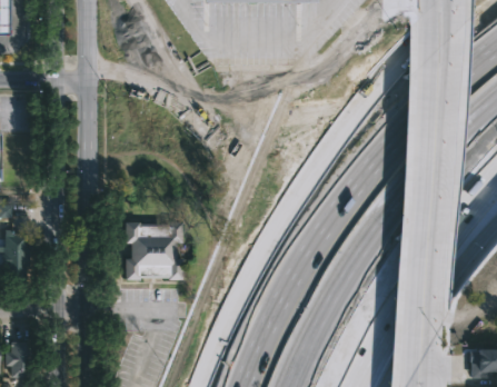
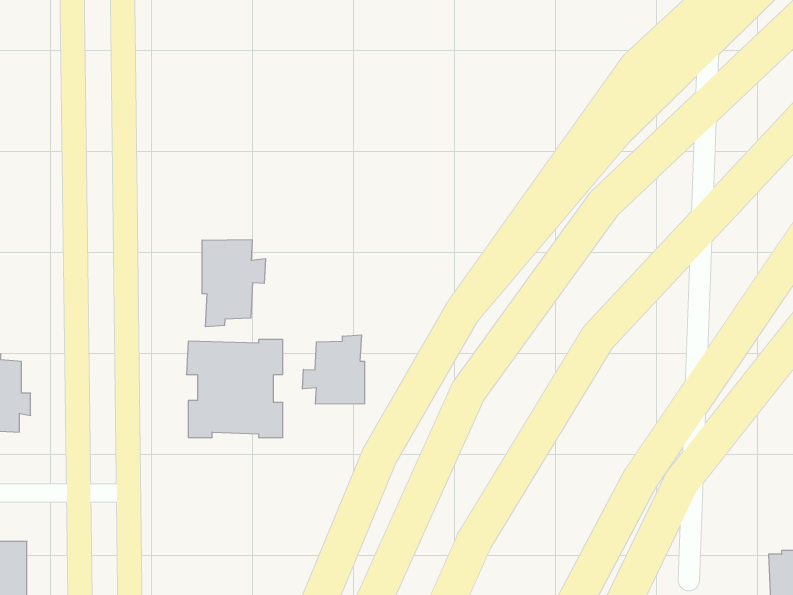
building: none -> [202,240,265,327]
building: none -> [302,335,365,404]

